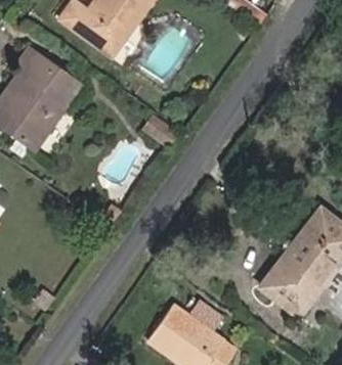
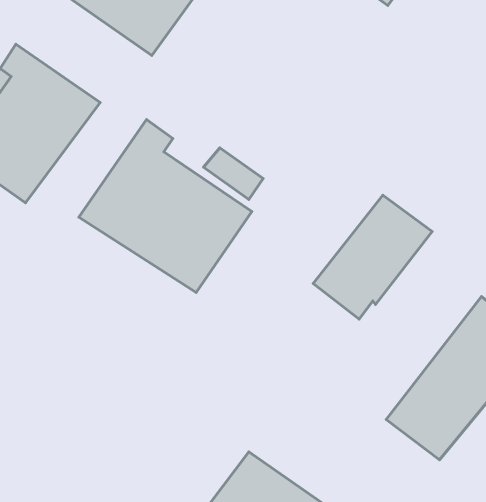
building: none -> [79,120,252,293]
building: none -> [313,195,432,319]

